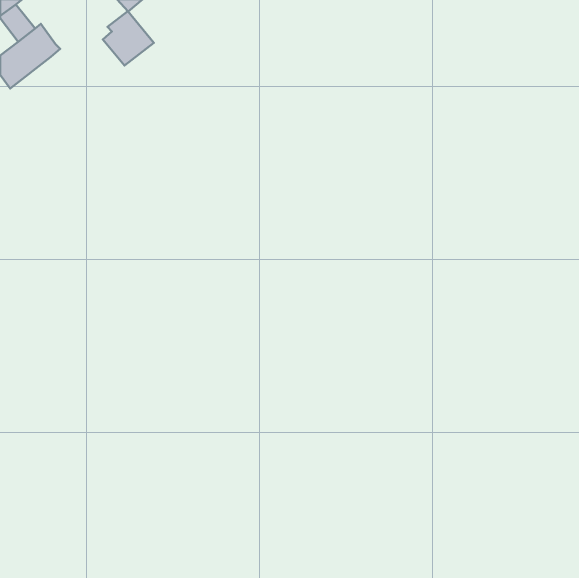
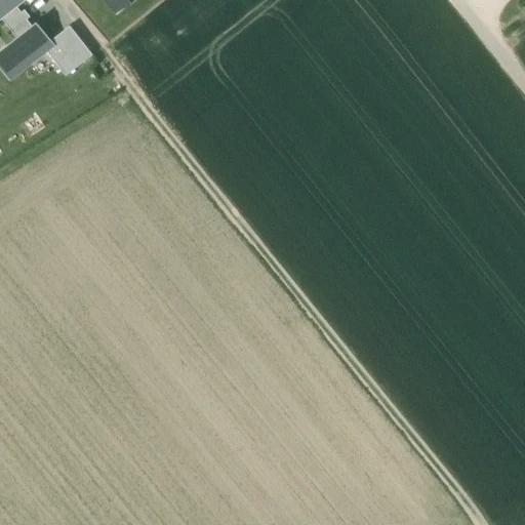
building: [103,11,154,65] -> [46,26,92,75]

